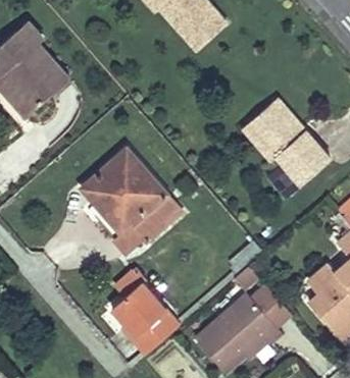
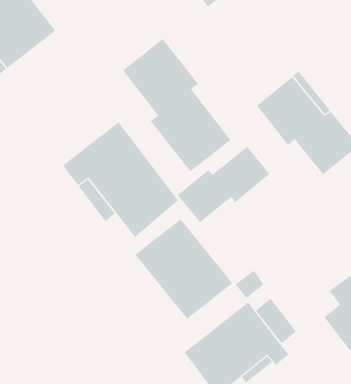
building: none -> [122,38,231,172]
building: none -> [177,146,270,223]
building: [98,270,182,354] -> [134,218,233,319]

